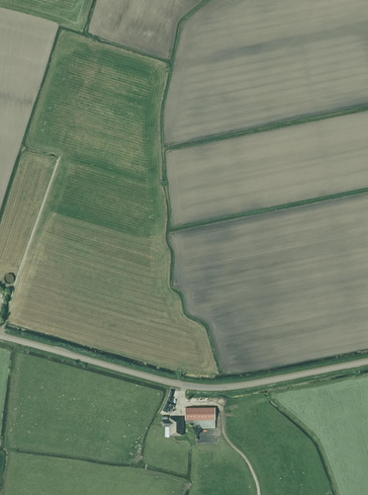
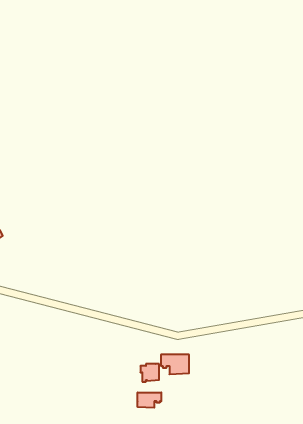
building: none -> [138,392,161,408]

